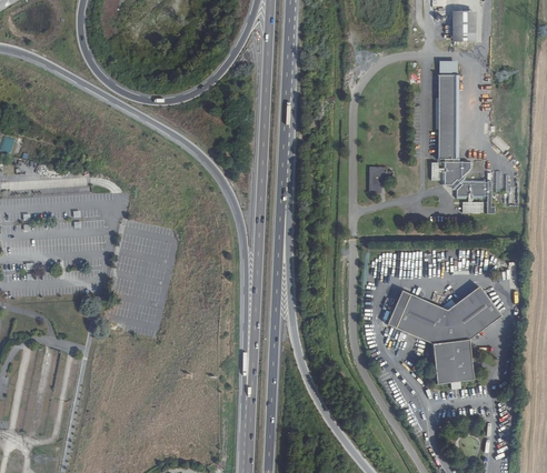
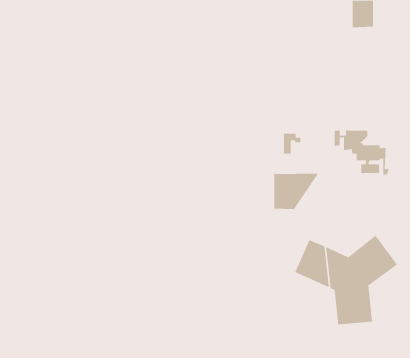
building: [437,60,458,159] -> none
building: none -> [274,173,319,210]

